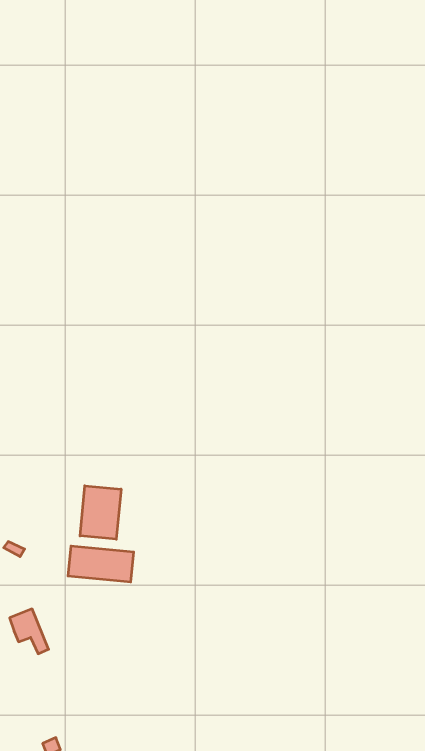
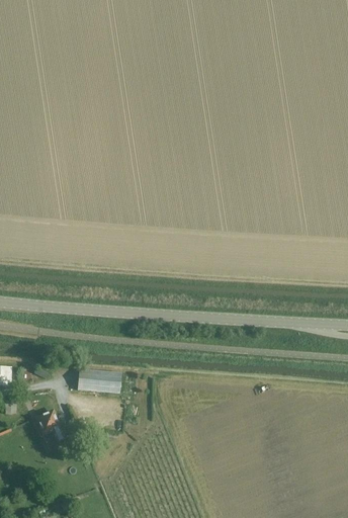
building: [80,486,121,539] -> none

